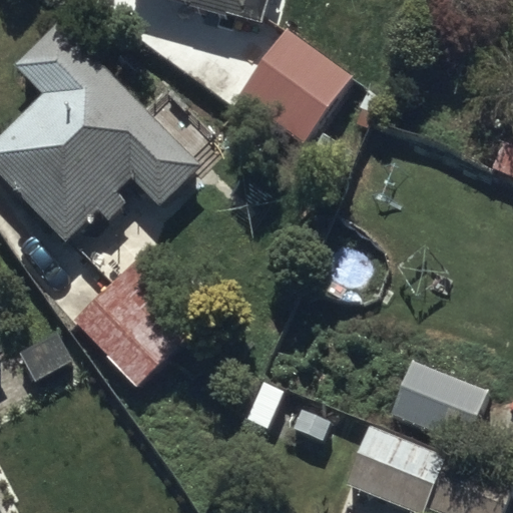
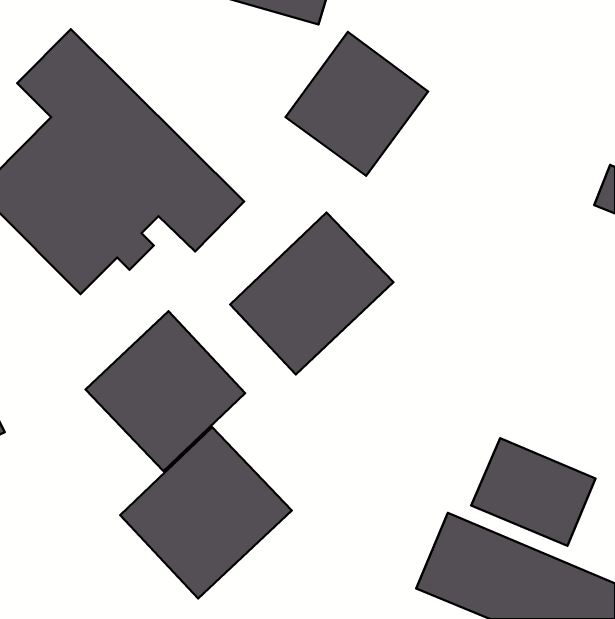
building: none -> [230,213,394,374]
building: none -> [120,427,292,598]

